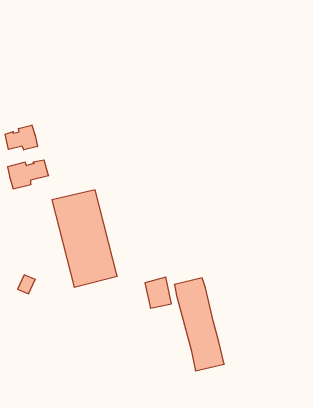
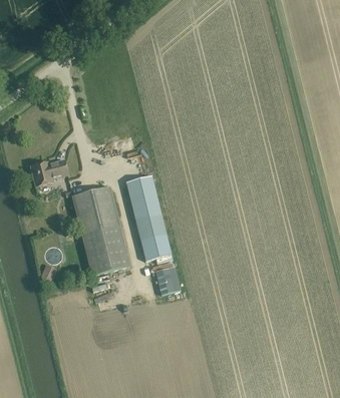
building: [5,125,37,150] -> none
building: [174,278,224,371] -> [126,175,172,260]

